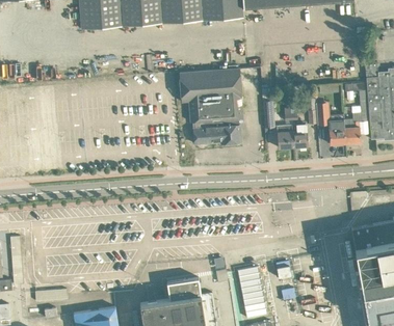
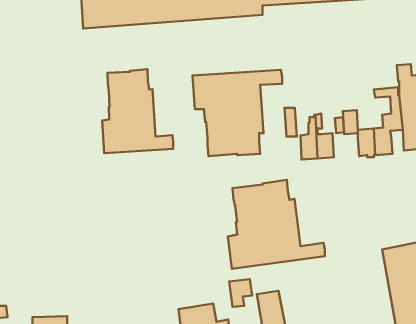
building: none -> [102,69,173,153]
building: none -> [228,180,325,269]

